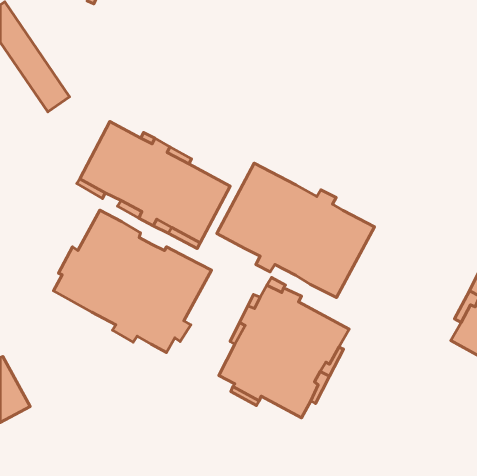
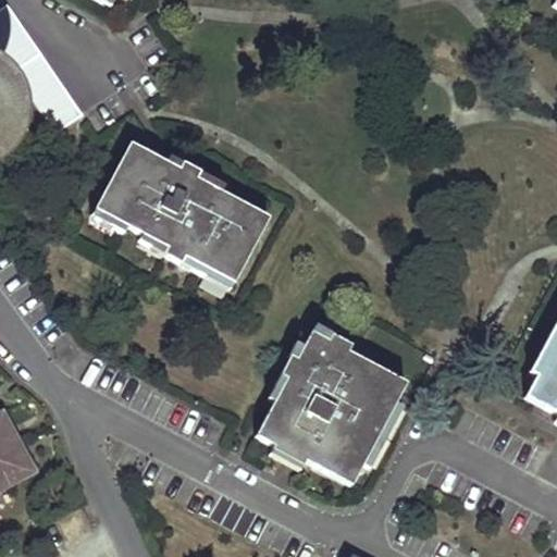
building: [217,163,375,298] -> none
building: [54,210,211,352] -> none

